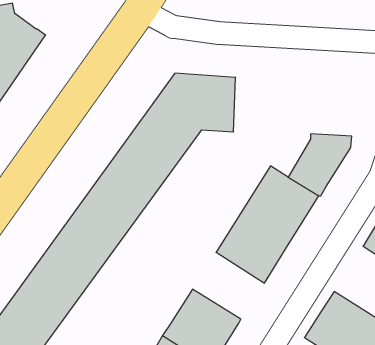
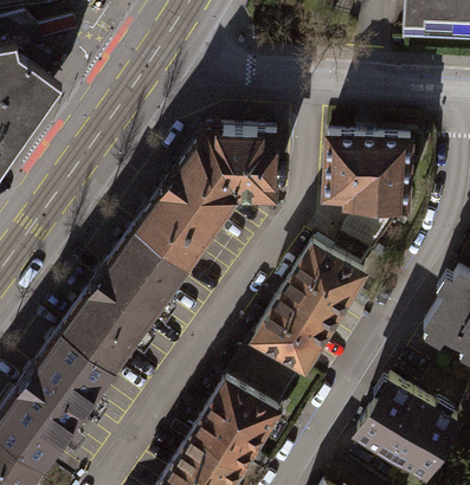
building: none -> [328,131,416,202]
building: none -> [224,336,307,413]

